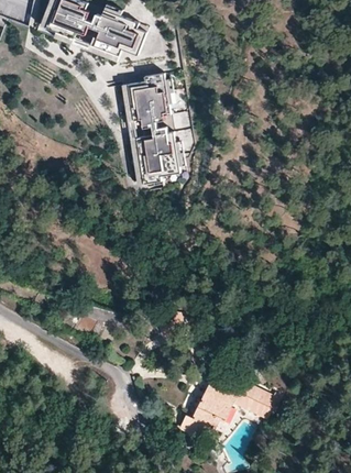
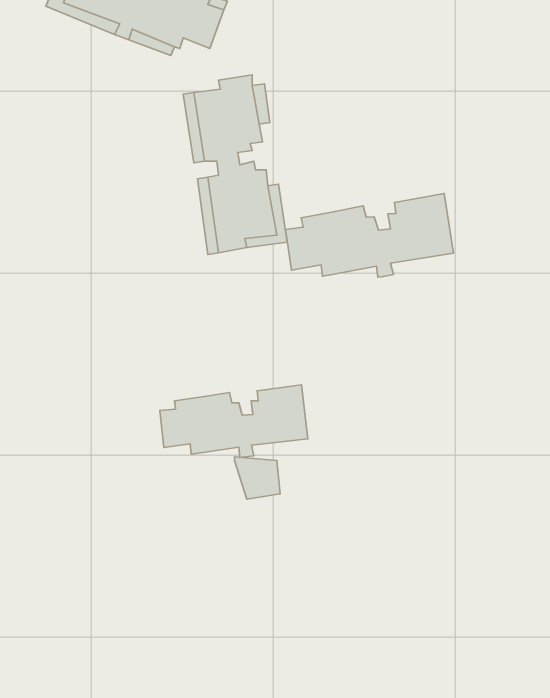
building: none -> [285,193,454,277]
building: none -> [160,385,308,457]
building: [178,376,277,437] -> none

